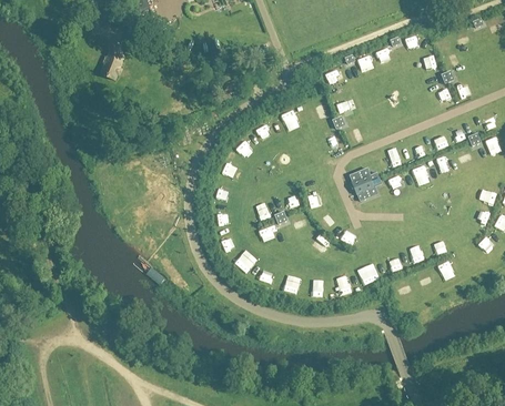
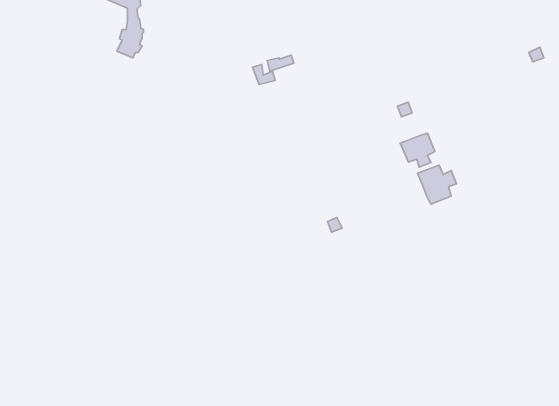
building: none -> [400,133,435,167]

